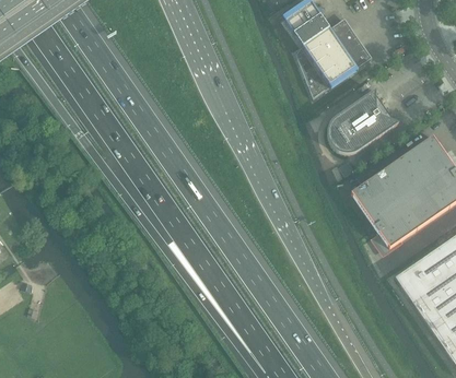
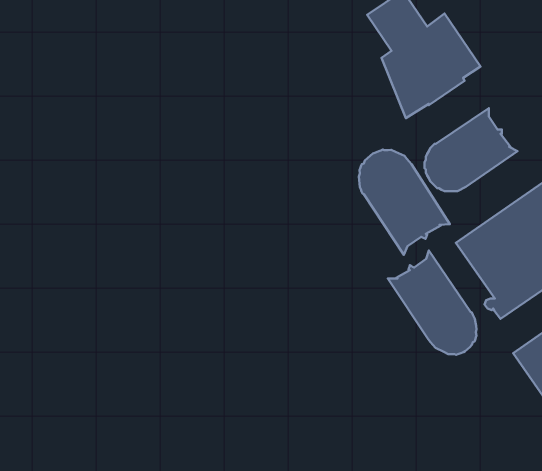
building: none -> [359,150,450,255]
building: none -> [388,251,477,355]

